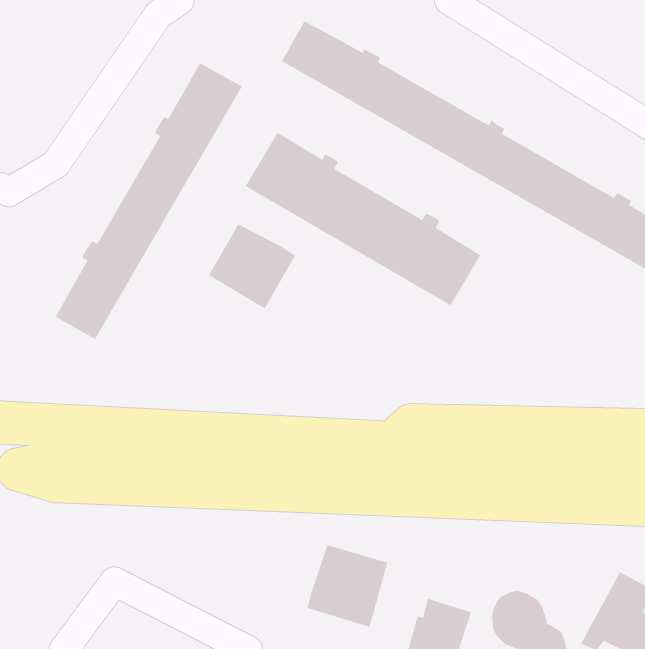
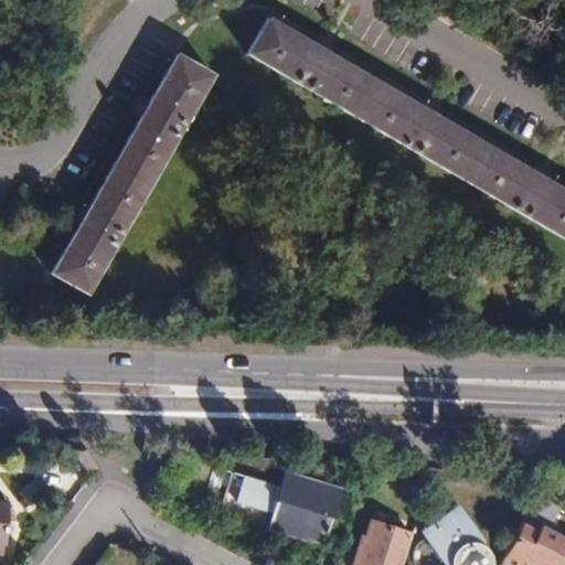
building: [245,132,481,306] -> none
building: [208,224,296,310] -> none
building: none -> [226,473,288,515]

